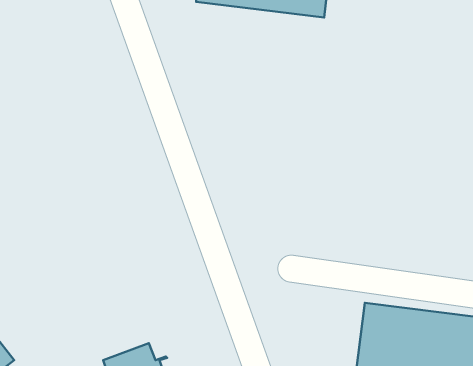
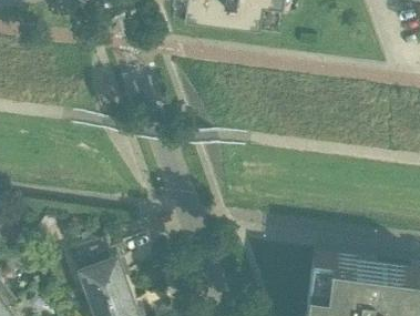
building: none -> [73,242,135,308]

